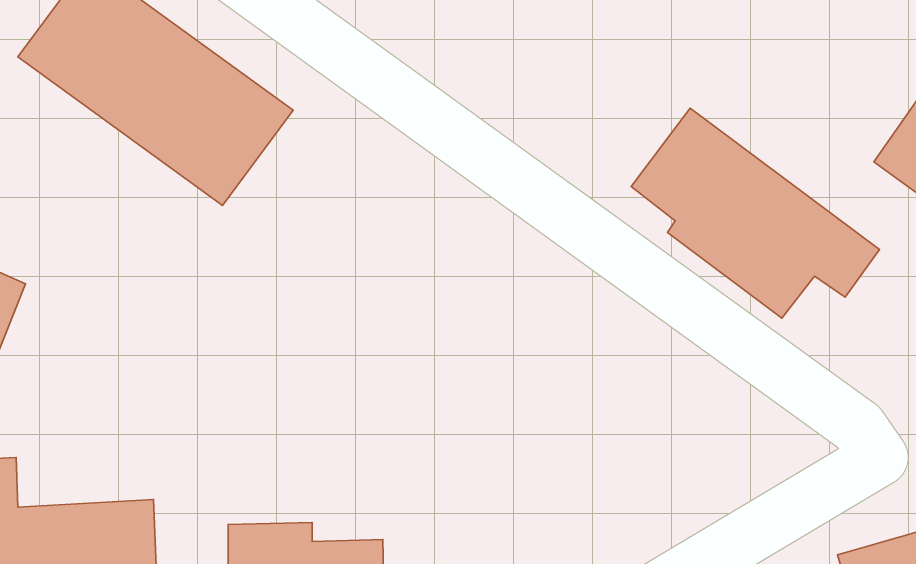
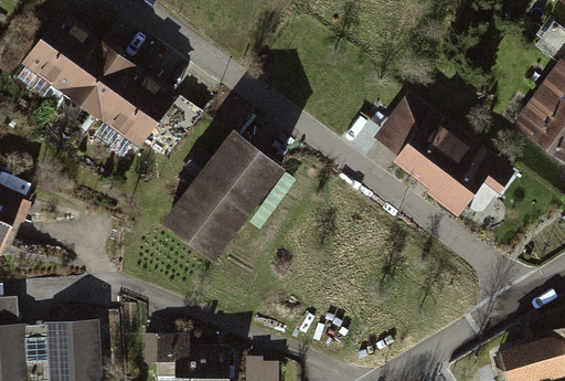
building: none -> [163,131,285,263]

